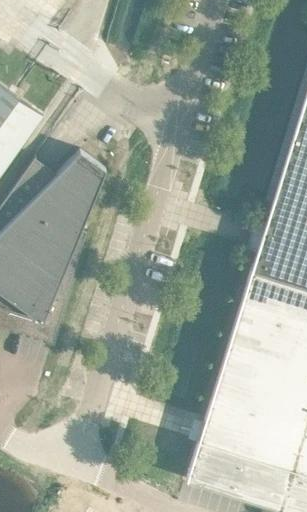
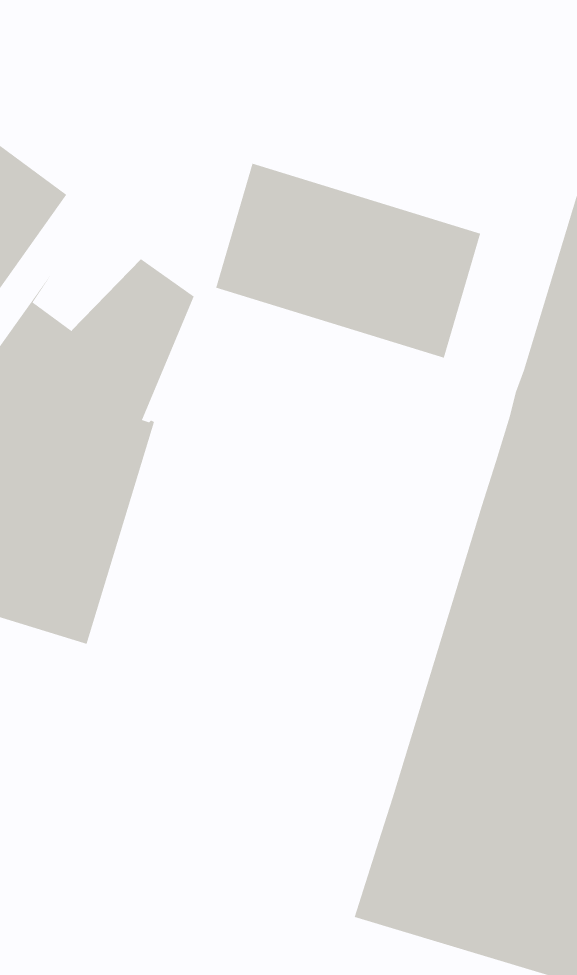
building: none -> [216,163,481,358]

